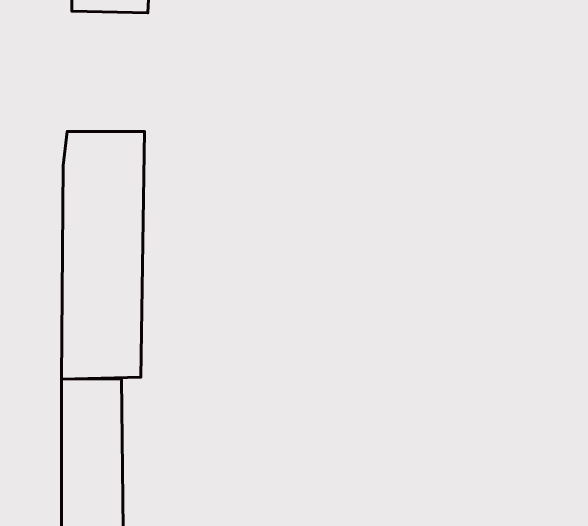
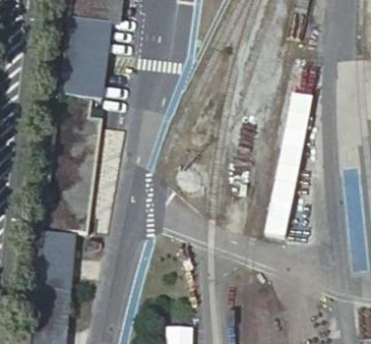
building: none -> [61,18,114,92]

